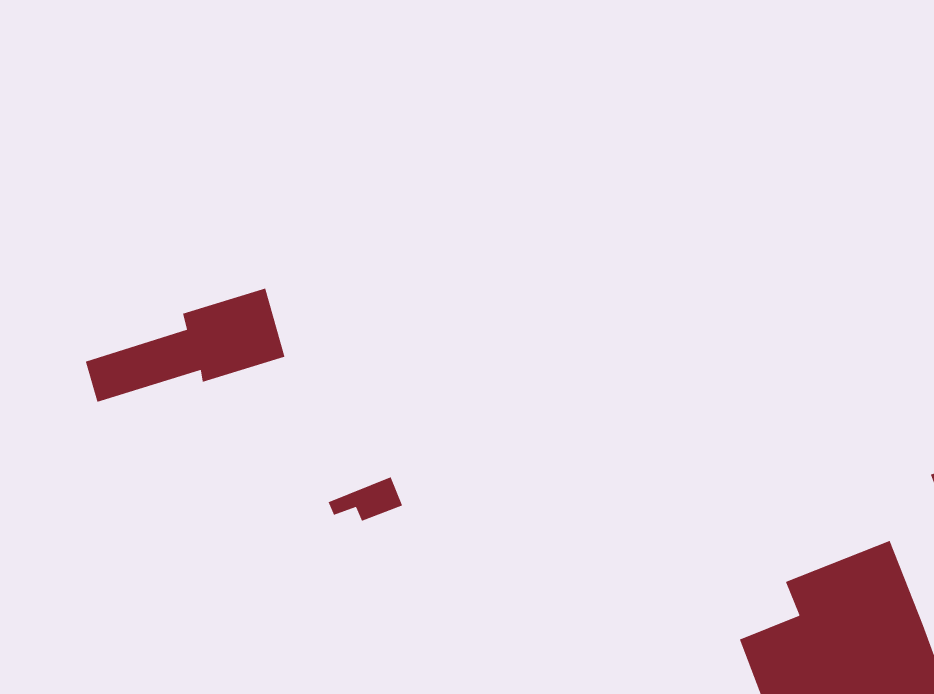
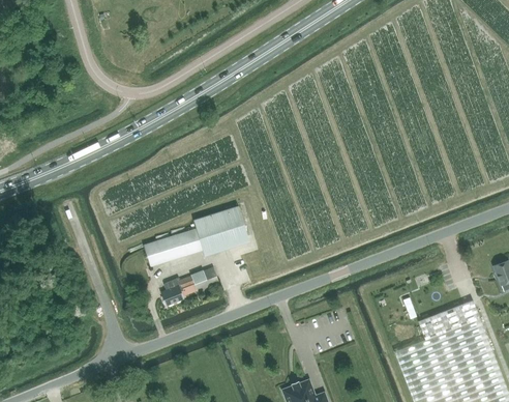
building: [85,287,286,403] -> [145,206,249,266]
building: none -> [161,277,185,305]

